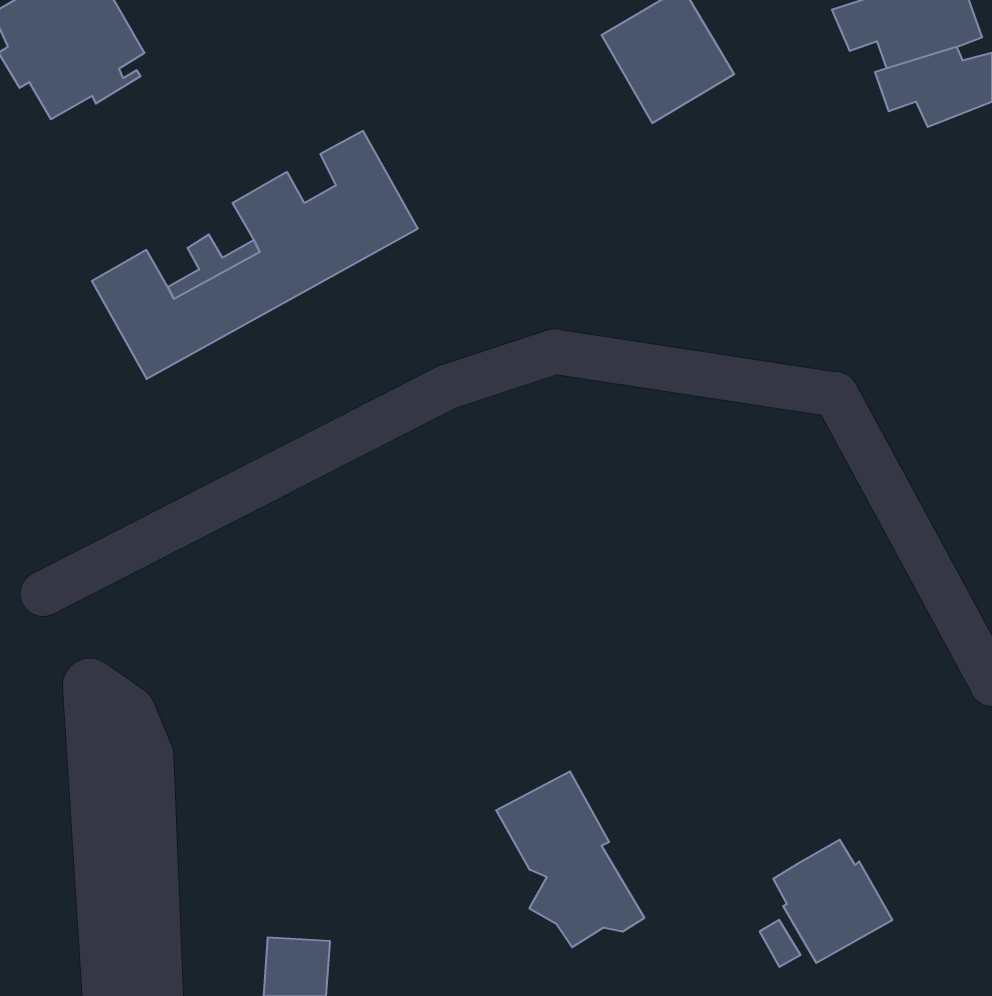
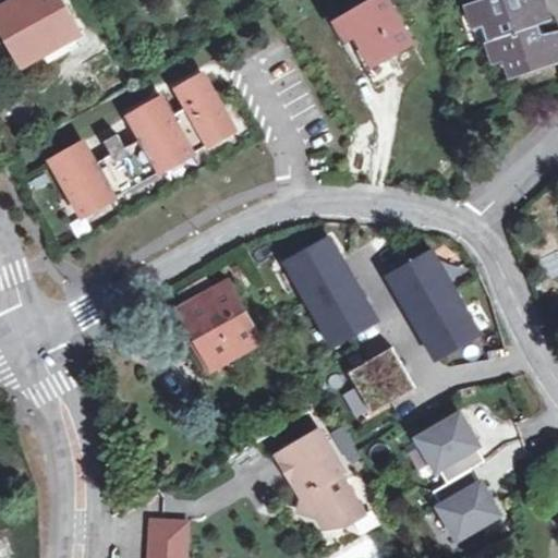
building: none -> [284,238,374,344]
building: none -> [384,252,475,359]
building: none -> [184,280,257,359]
building: none -> [345,348,412,414]
building: none -> [416,413,483,482]

